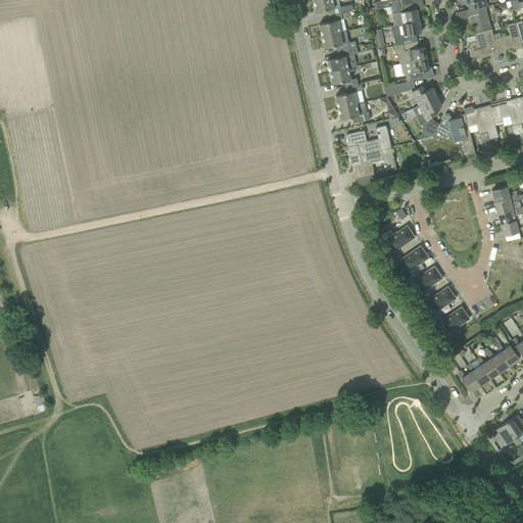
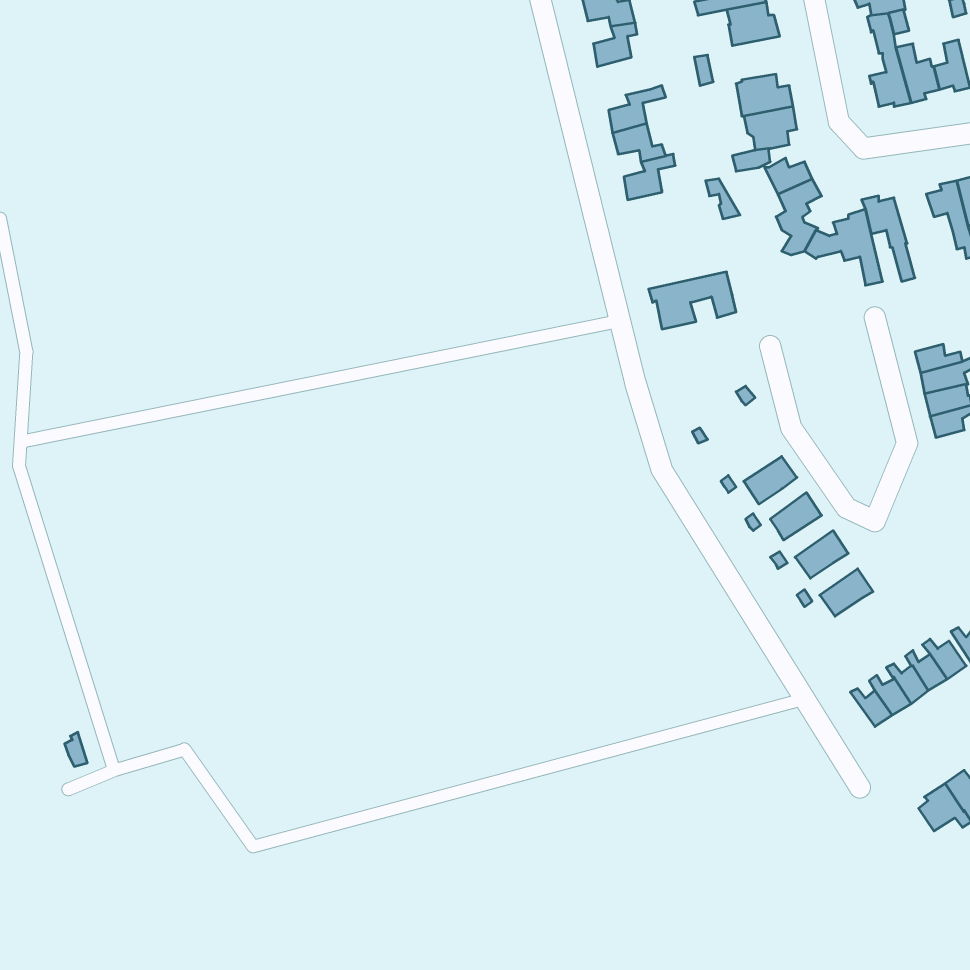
building: [393,19,422,45] -> none
building: [322,31,356,51] -> none
building: [338,100,370,123] -> none
building: [481,104,504,149] -> none
building: [347,125,391,155] -> none
building: [382,225,416,250] -> none

